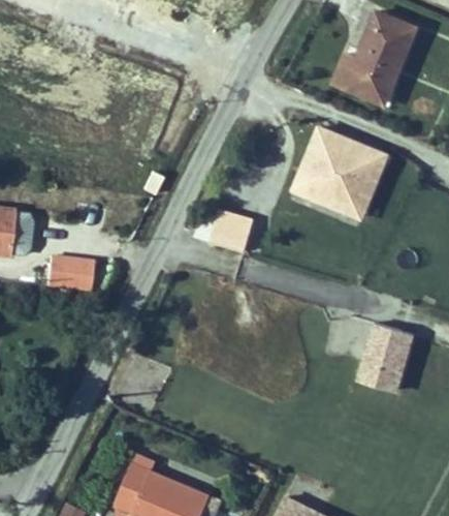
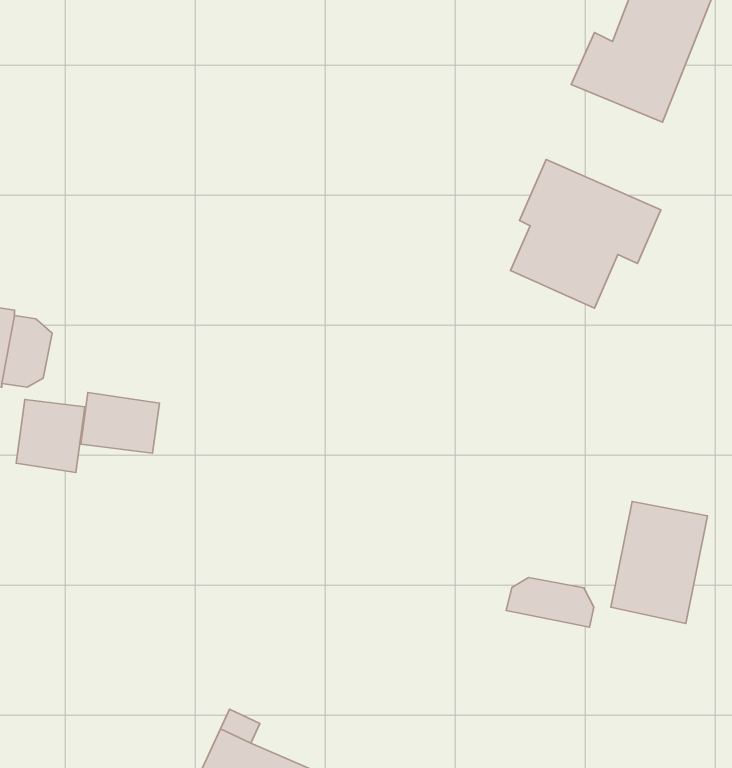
building: [209,217,251,252] -> none
building: none -> [16,400,85,472]
building: none -> [506,577,594,627]

